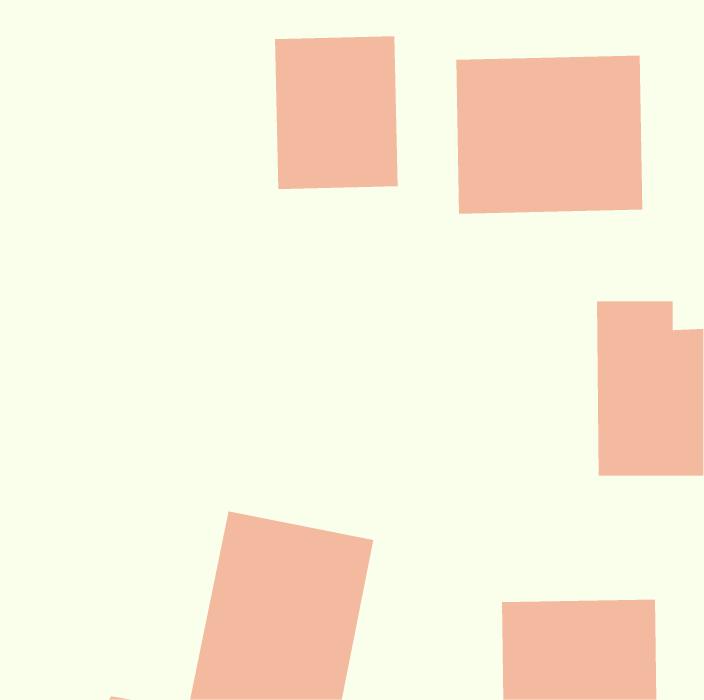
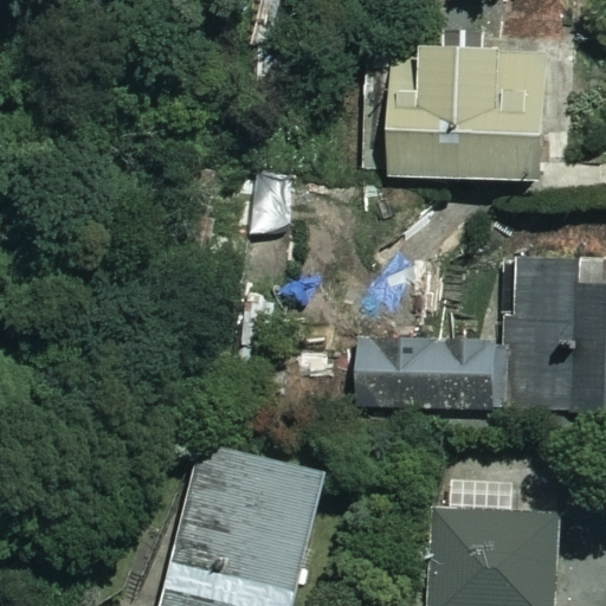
building: [274,35,398,190] -> none
building: none -> [357,320,507,424]

